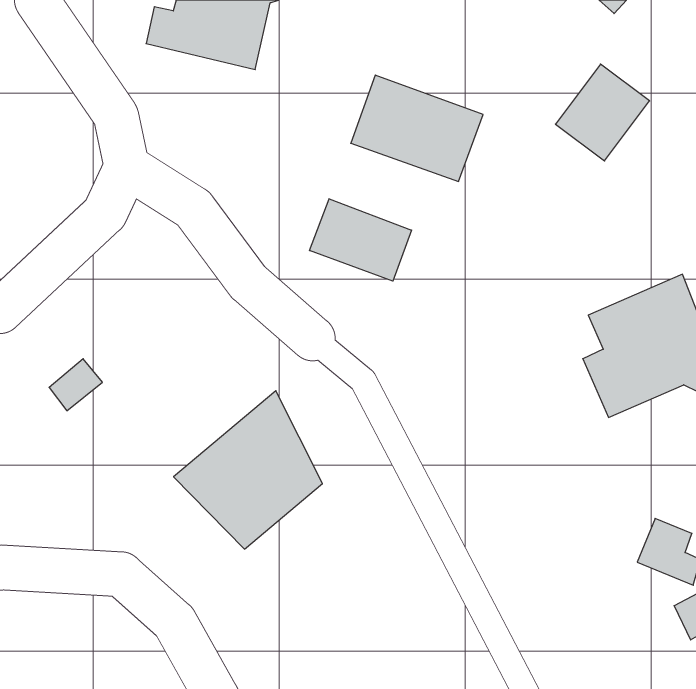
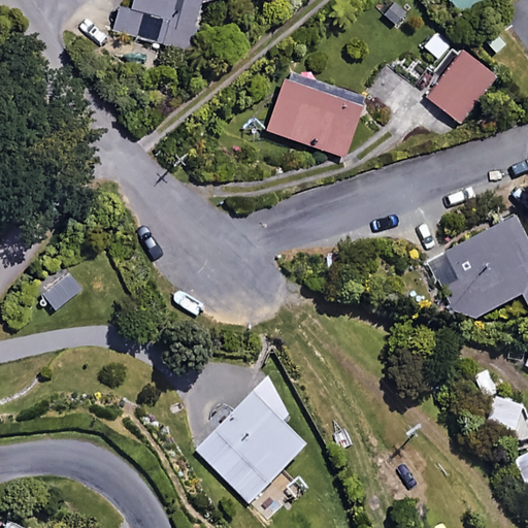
building: [310,199,412,281] -> none
building: [174,391,322,549] -> [198,372,310,492]

